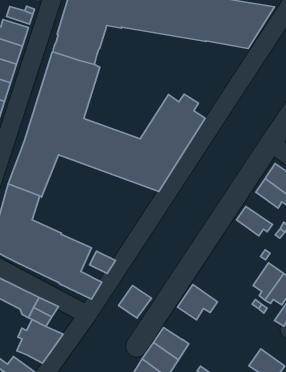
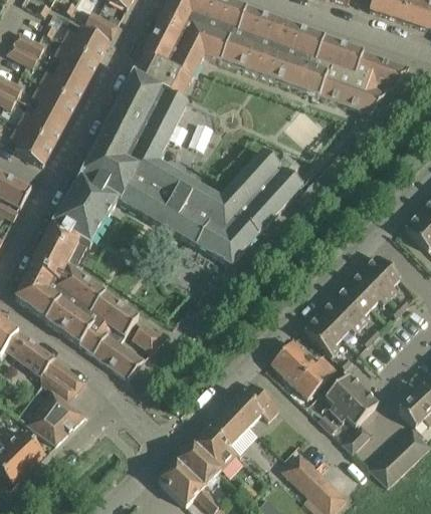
building: none -> [332,284,370,326]
building: none -> [303,313,341,355]
building: none -> [270,340,335,398]
building: [118,286,151,318] -> [207,406,248,446]
building: none -> [280,453,319,491]

